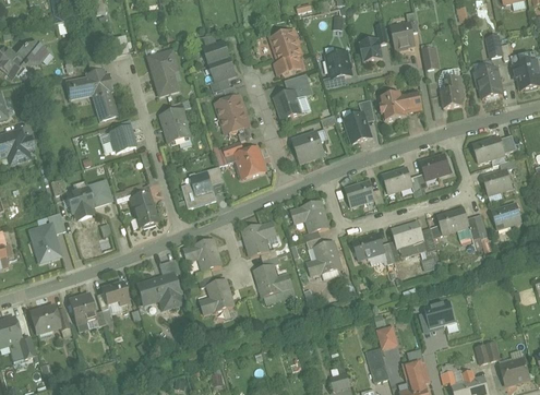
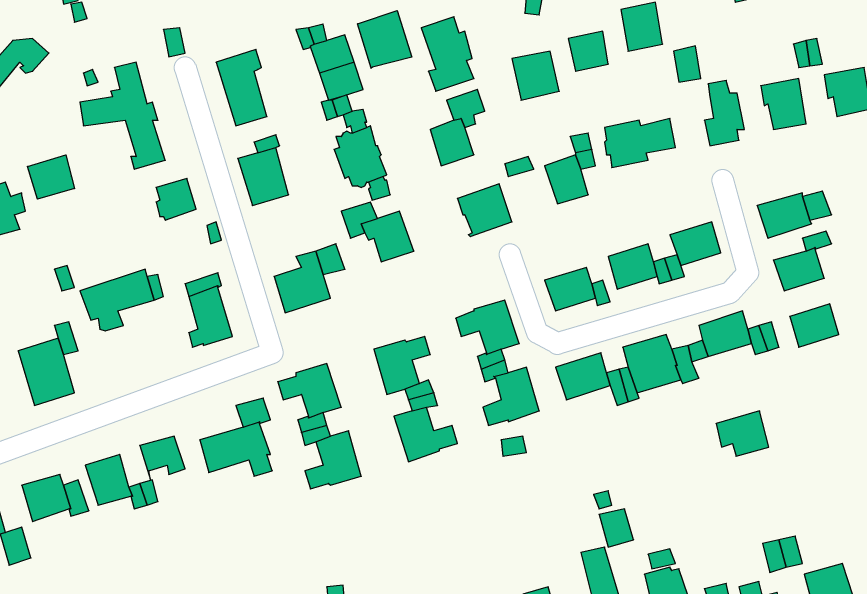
building: none -> [358,11,412,68]
building: none -> [27,155,75,199]
building: [423,299,455,326] -> [716,411,769,456]

